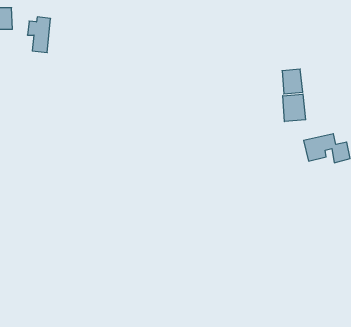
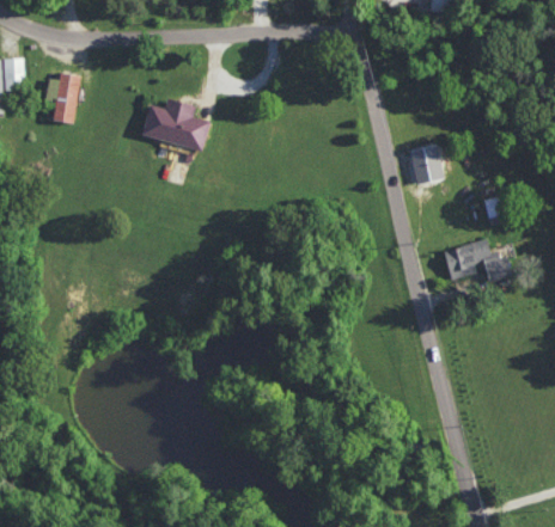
building: none -> [142,98,209,148]
building: [283,94,306,122] -> none

